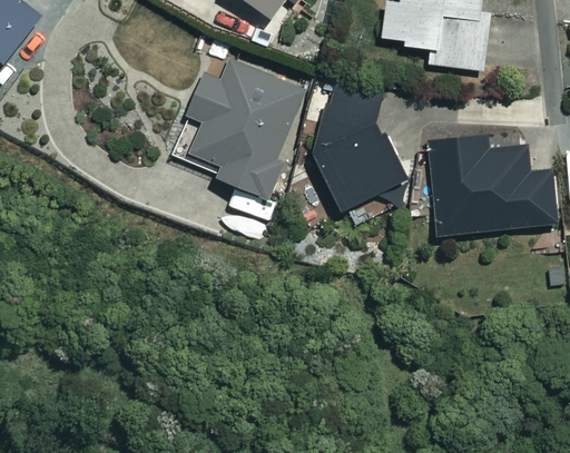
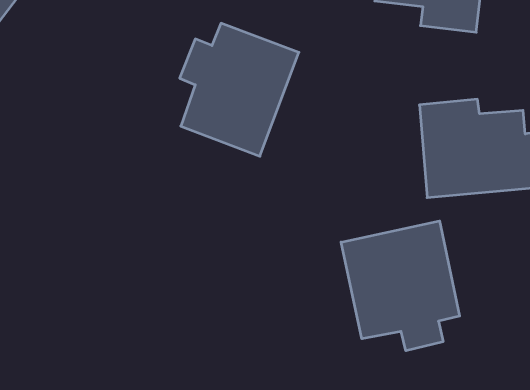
building: [313,79,403,224] -> none
building: none -> [341,221,460,351]

